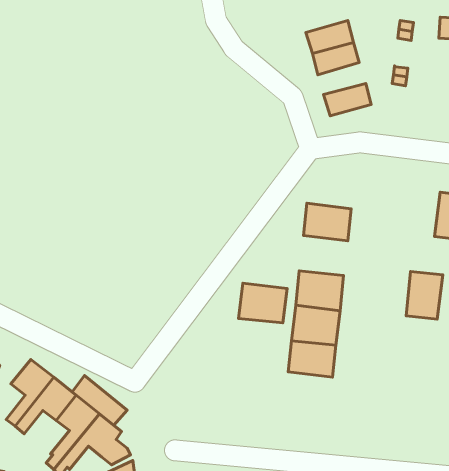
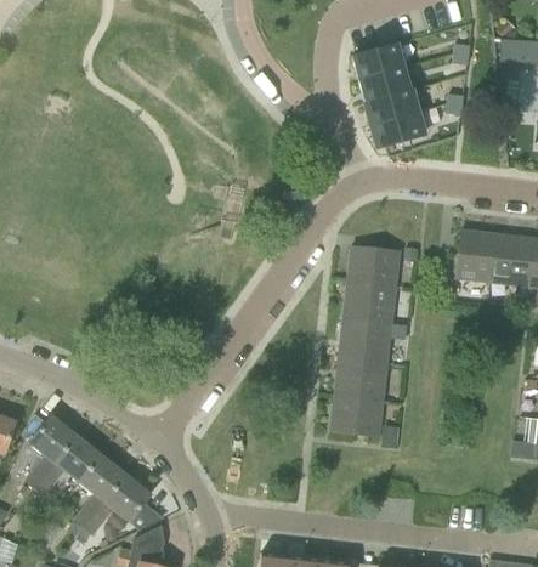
building: none -> [364,90,417,125]
building: [406,271,443,319] -> [458,228,498,280]
building: [238,283,287,323] -> [344,279,397,323]
building: [72,375,127,425] -> none

